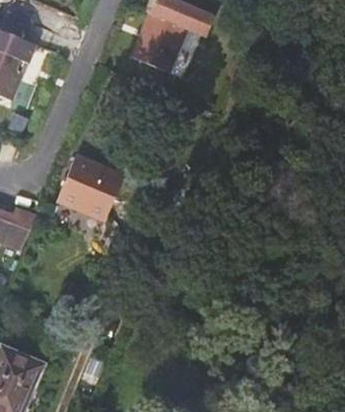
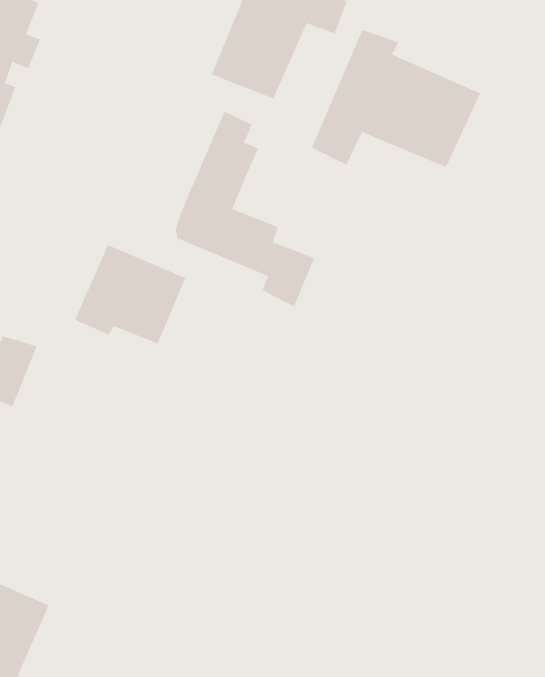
building: none -> [311,29,481,168]
building: none -> [175,111,315,307]

